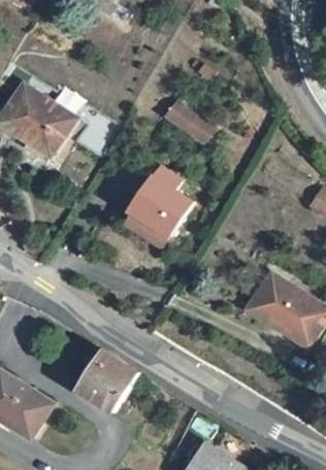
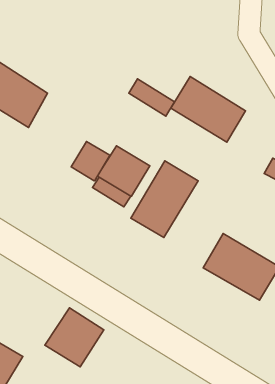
building: none -> [171,77,246,142]
building: none -> [71,142,110,181]
building: none -> [131,161,198,237]

